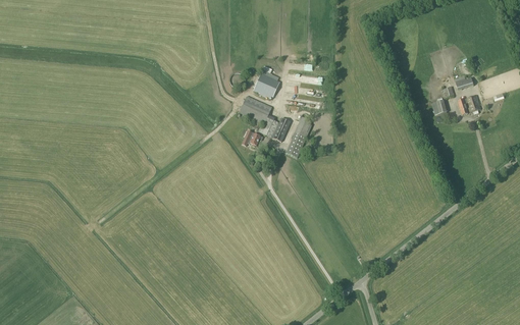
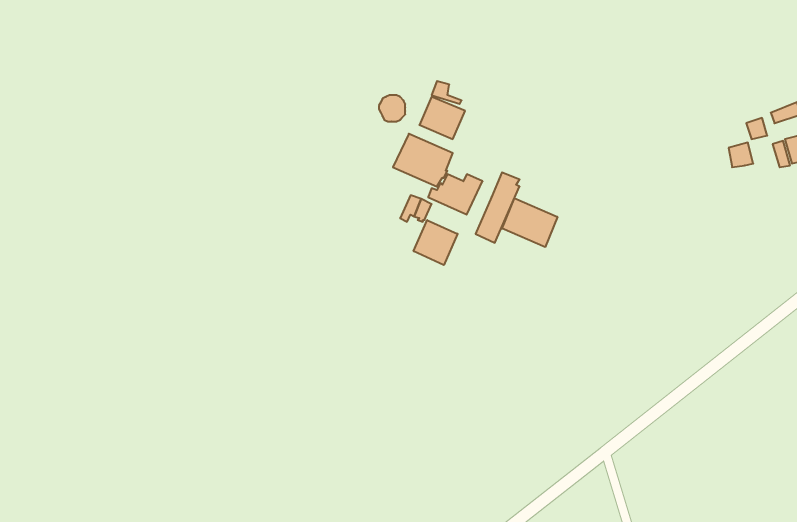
building: none -> [502,198,557,247]
building: none -> [414,220,458,265]

